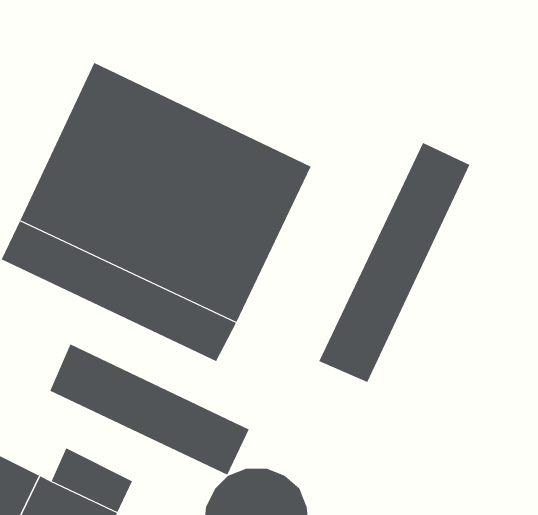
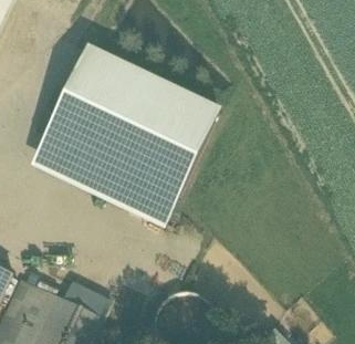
building: [319,142,470,383] -> none
building: [49,344,249,475] -> none

